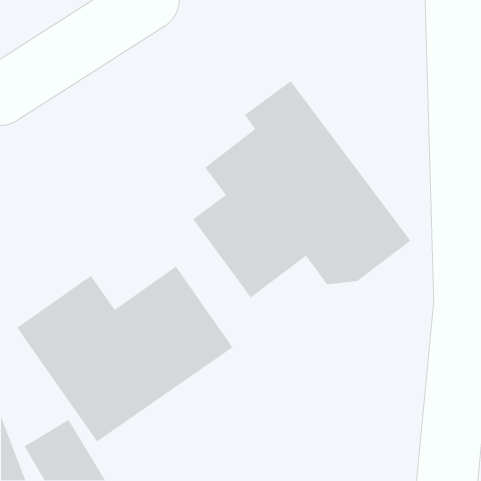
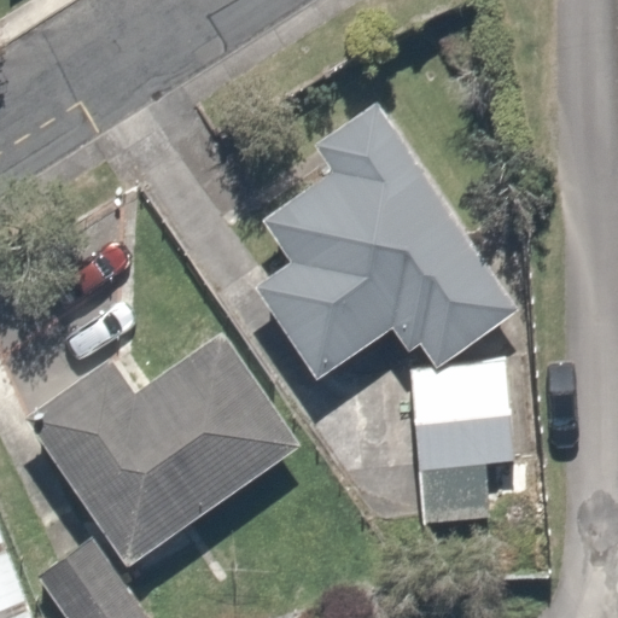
building: none -> [409,357,521,527]

